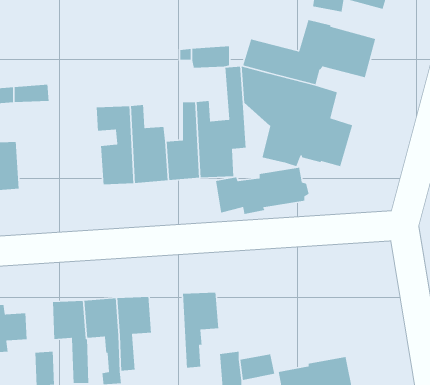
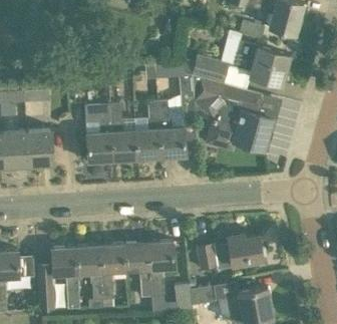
building: none -> [27,128,55,166]
building: [215,167,309,215] -> [198,236,267,271]
building: none -> [124,242,151,297]

